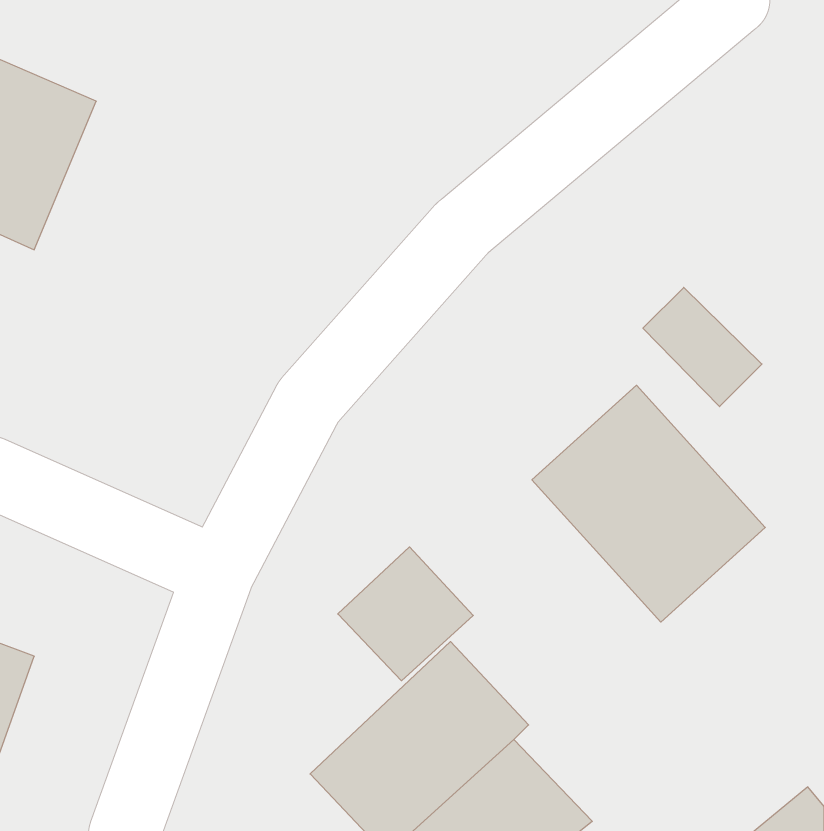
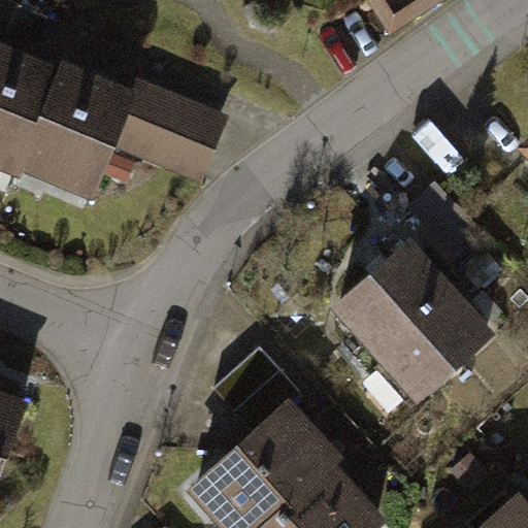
building: none -> [22,66,131,189]
building: none -> [129,86,233,183]

